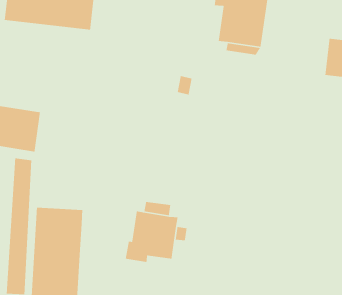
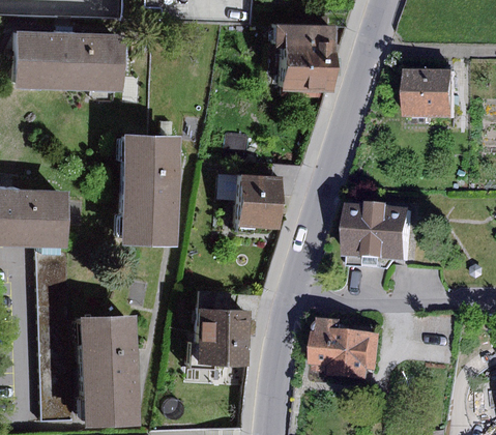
building: none -> [118,139,177,241]
building: none -> [232,172,280,233]
building: none -> [347,204,414,270]
building: none -> [315,321,387,381]

